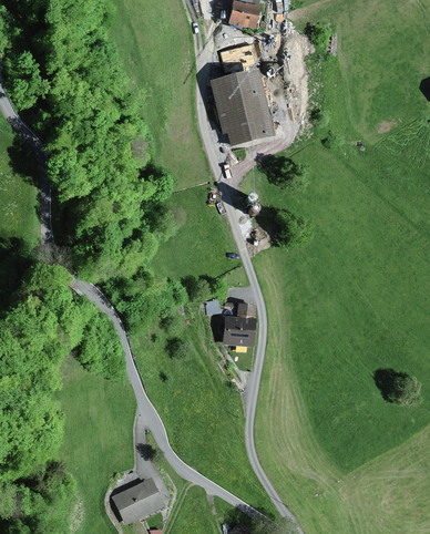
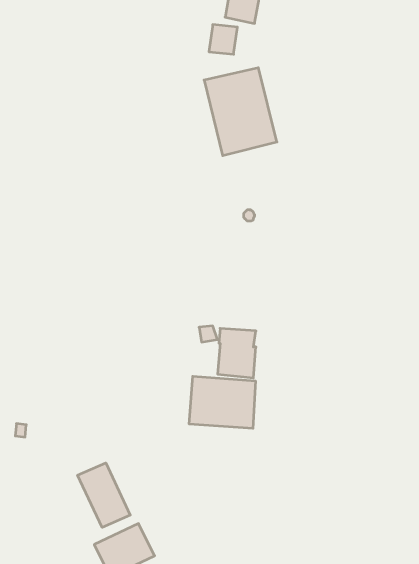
building: none -> [189,376,255,428]
building: none -> [78,463,130,527]

